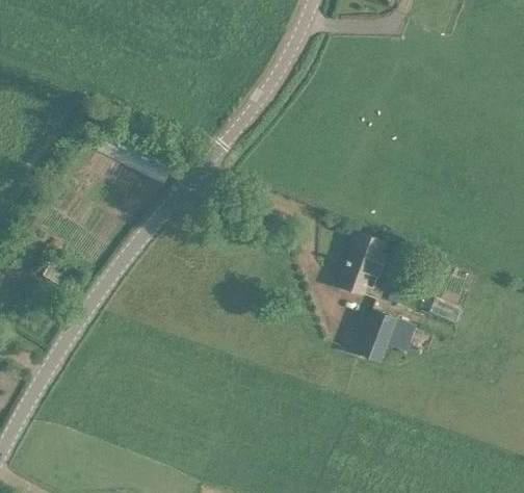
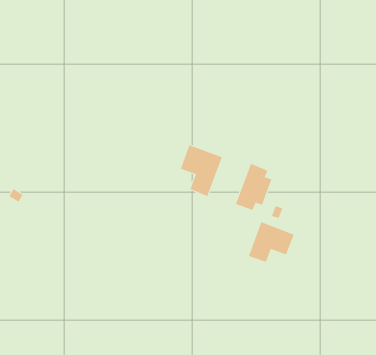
building: none -> [180,145,223,197]

